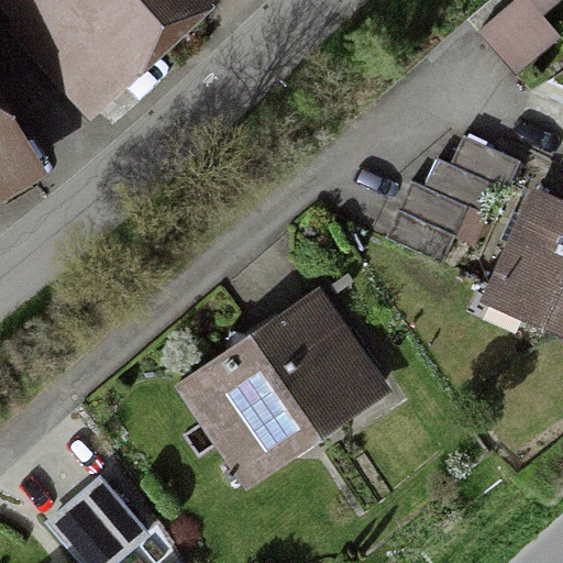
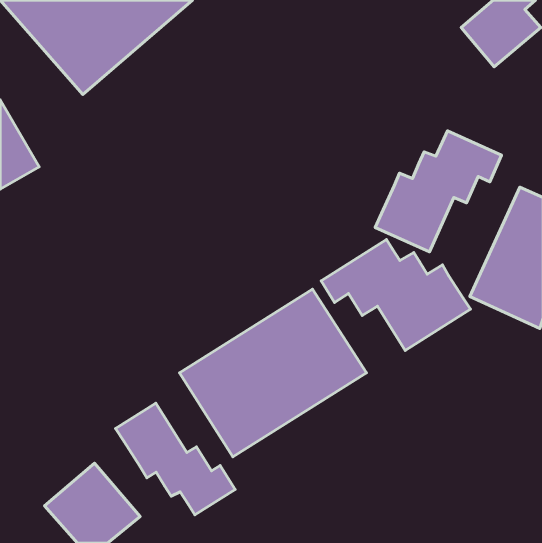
building: none -> [321,240,470,350]
building: none -> [116,403,235,515]

